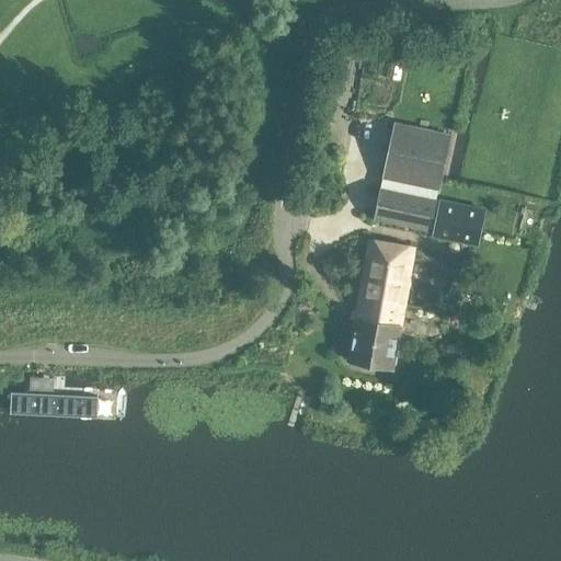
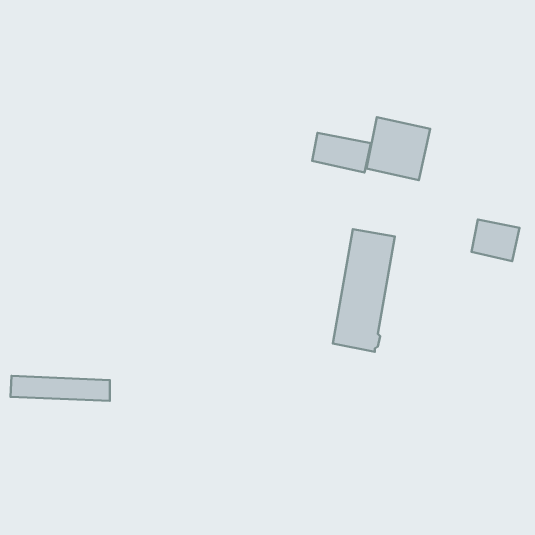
building: [375,188,436,230] -> [312,133,371,172]
building: [434,202,484,245] -> [471,219,520,261]

